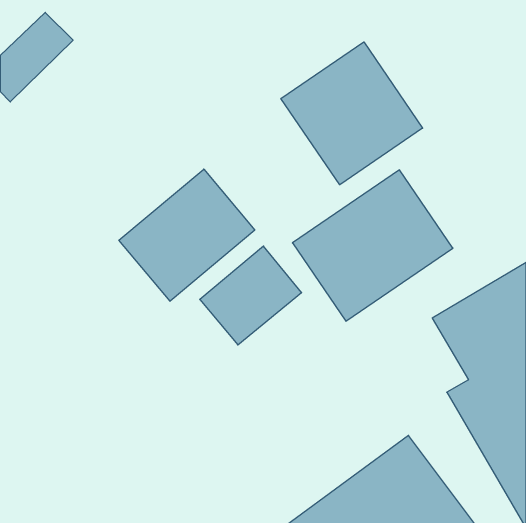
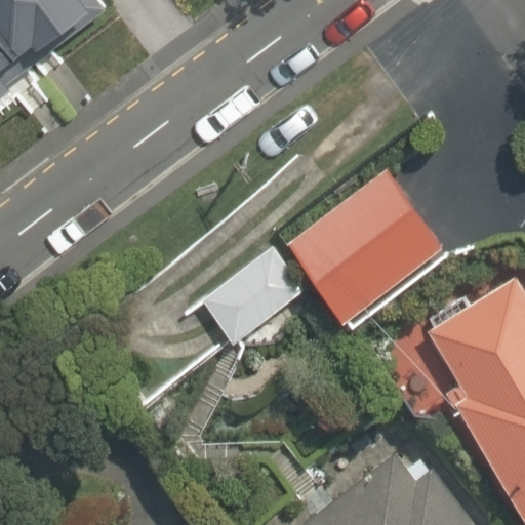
building: [281,42,423,185] -> none
building: [119,169,255,301] -> none

